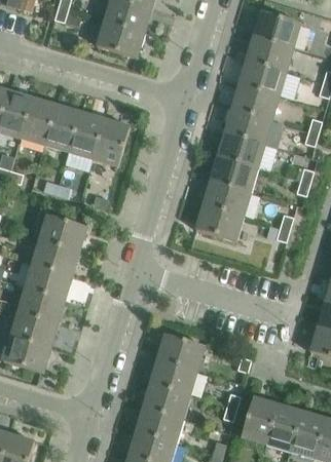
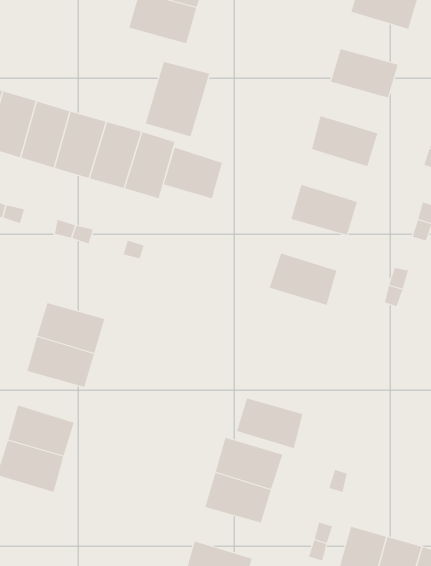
building: [246,35,294,72] -> none
building: none -> [145,61,210,137]
building: [231,84,280,120] -> none
building: none -> [163,147,223,199]
building: [218,131,265,168] -> none
building: [204,181,251,217] -> none
building: [39,215,87,251] -> none
building: [19,287,66,323] -> none
building: [143,383,190,419] -> [236,398,303,449]

